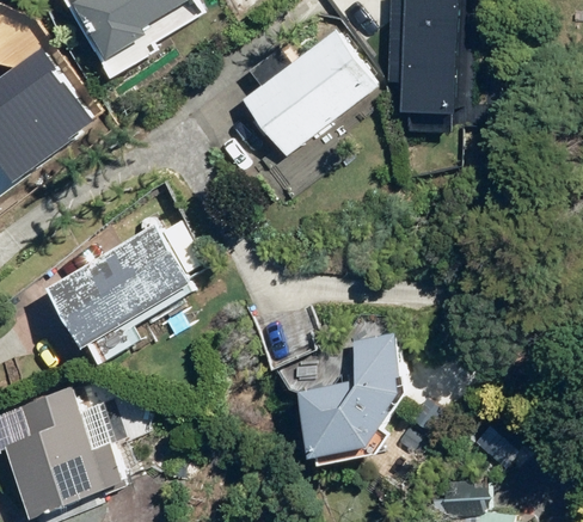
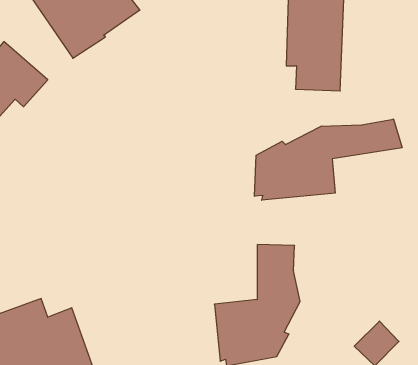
building: [241,31,376,156] -> none
building: none -> [255,119,402,200]
building: [44,226,186,367] -> none

